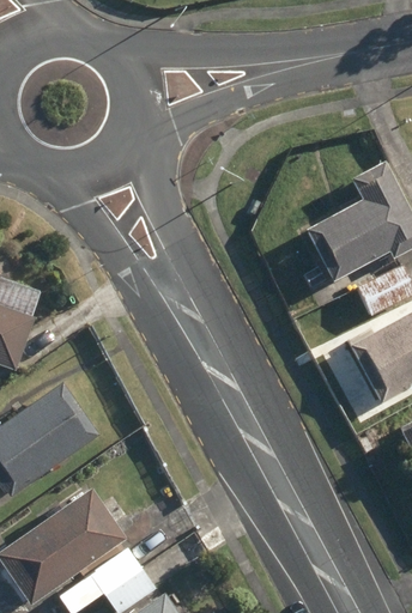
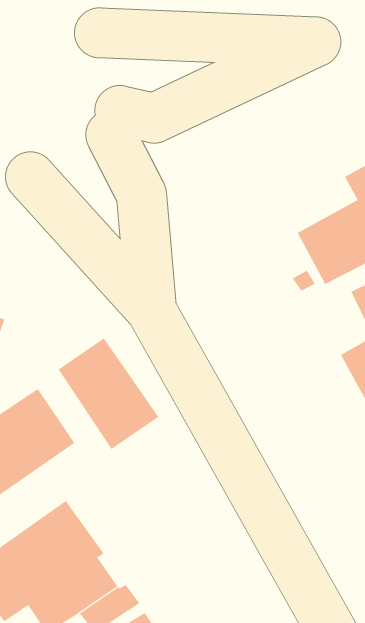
building: none -> [58,337,159,450]

